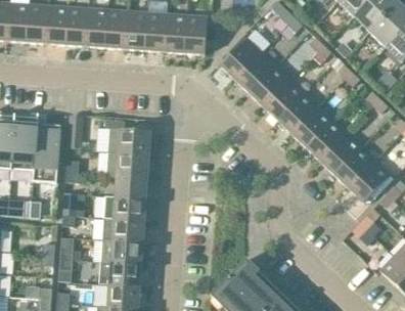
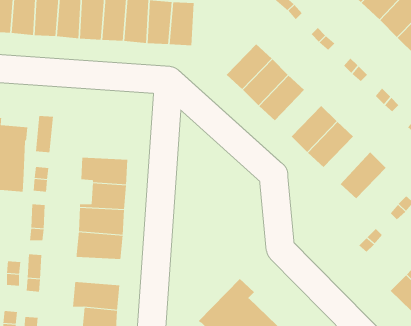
building: [220,38,261,80] -> none
building: [277,93,318,134] -> none
building: [107,128,152,154] -> none
building: [320,134,361,176] -> none
building: [349,162,390,203] -> none
building: [101,240,142,265] -> none

